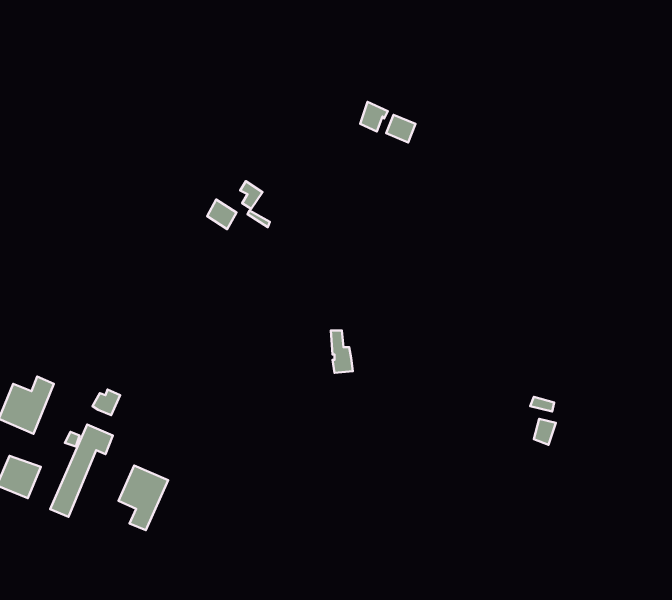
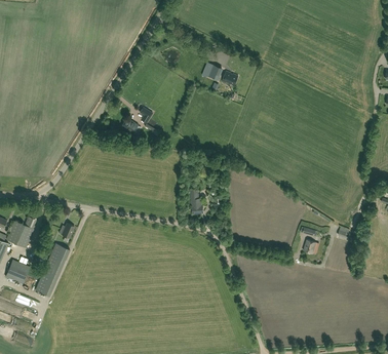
building: [119,465,168,530] -> none

